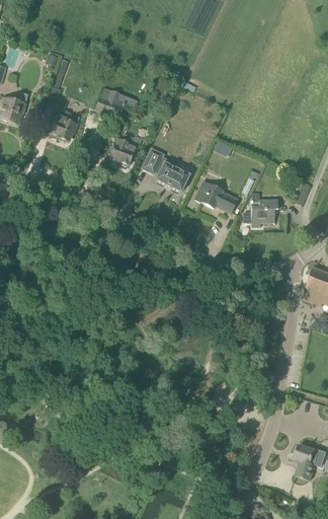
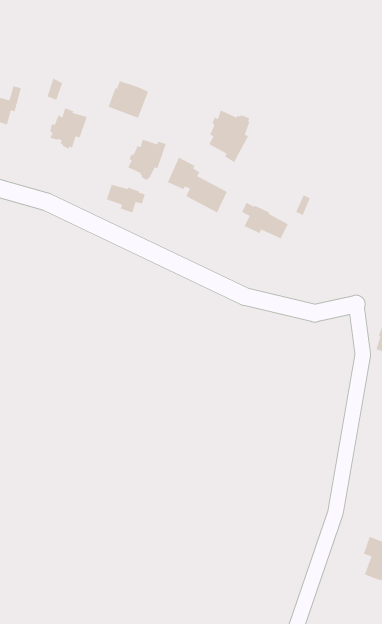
building: none -> [208,109,250,163]
building: none -> [106,184,146,213]
building: [243,199,277,226] -> none

